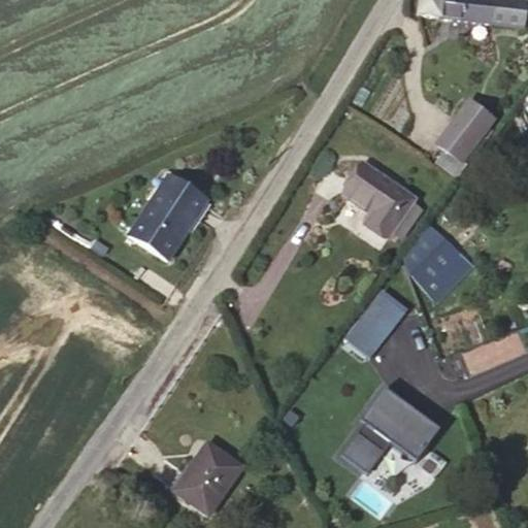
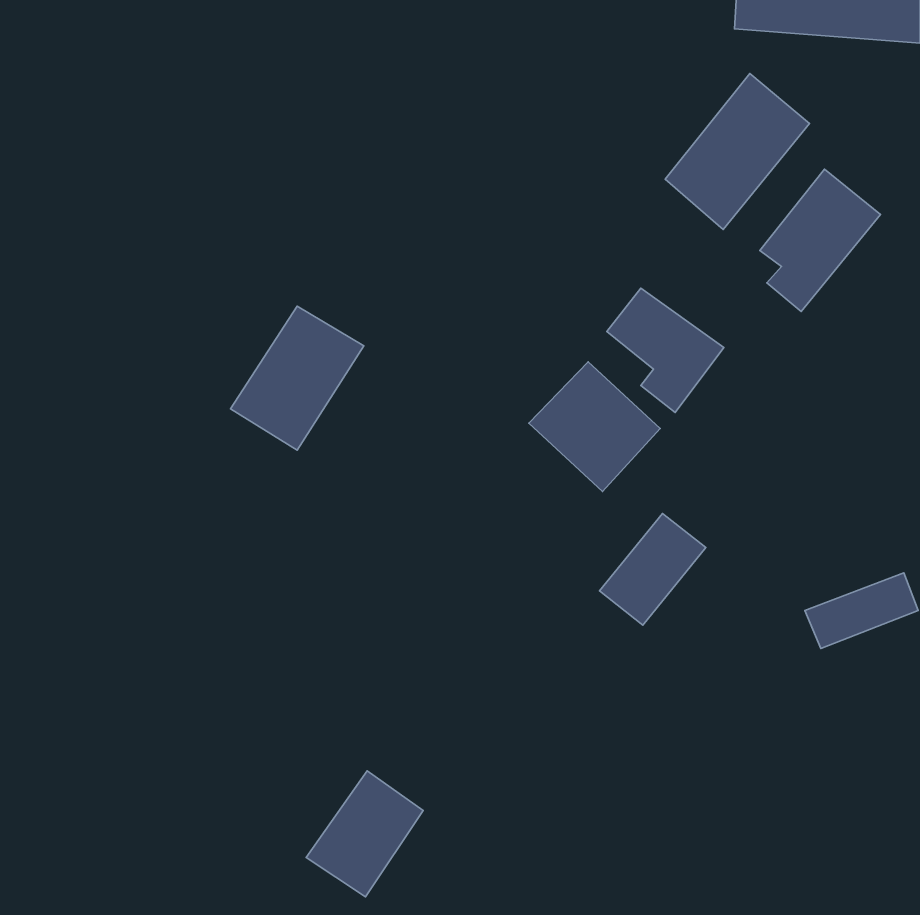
building: none -> [665,73,810,230]
building: [398,226,473,300] -> [529,362,660,492]
building: [339,393,438,484] -> none

